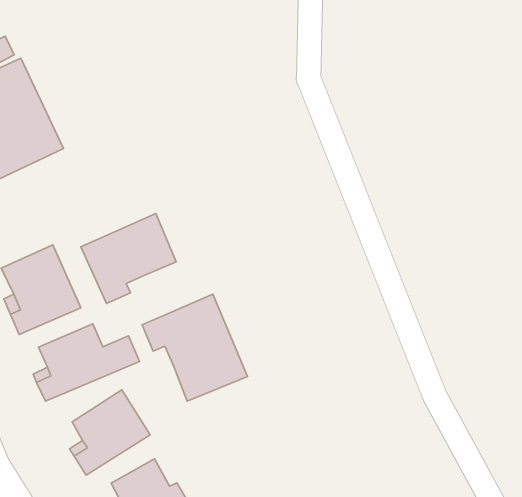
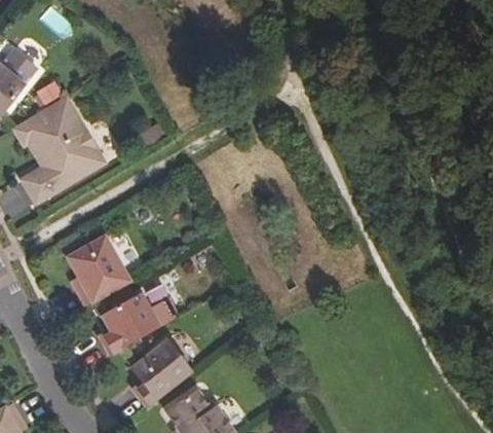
building: [81,214,176,303] -> none
building: [142,294,248,401] -> none

